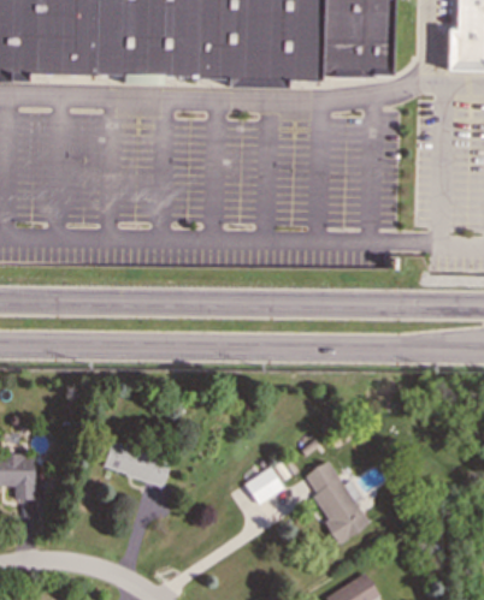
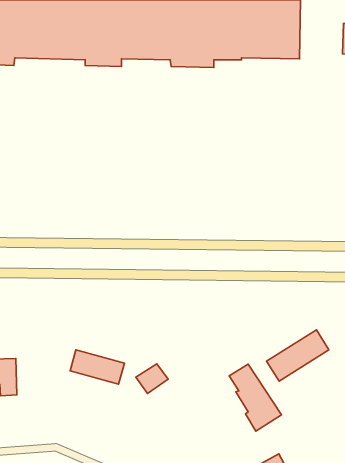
building: none -> [267,330,329,381]
building: [243,467,284,504] -> [136,364,168,393]

